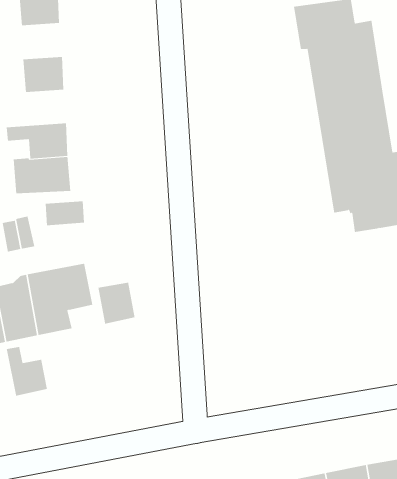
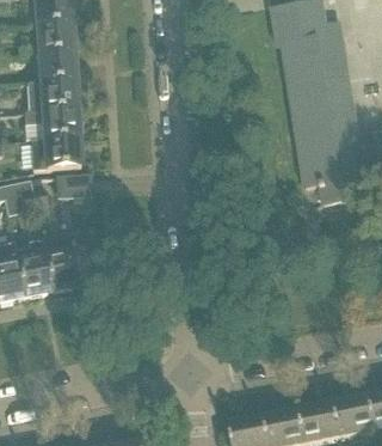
building: none -> [36,22,72,53]
building: none -> [23,79,79,111]
building: [98,282,135,324] -> none
building: [6,346,48,396] -> none

